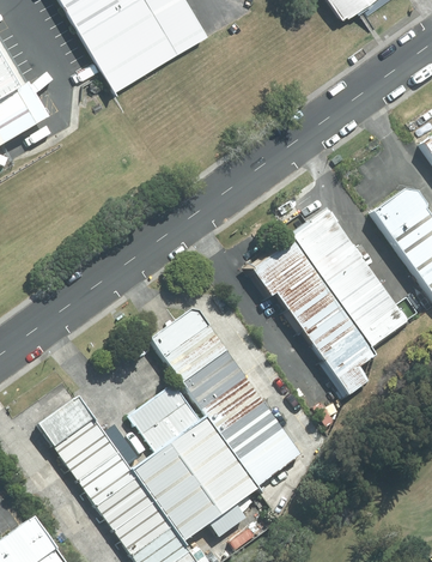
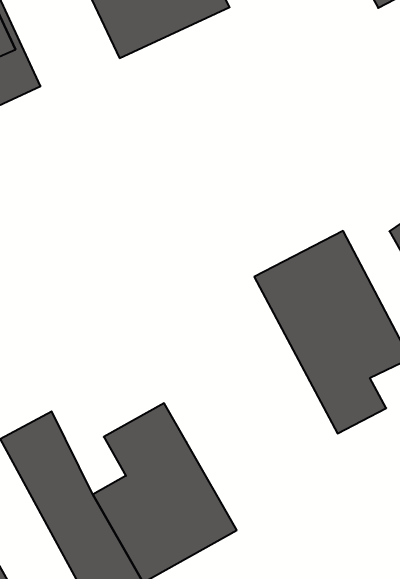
building: [156,310,303,489] -> none

